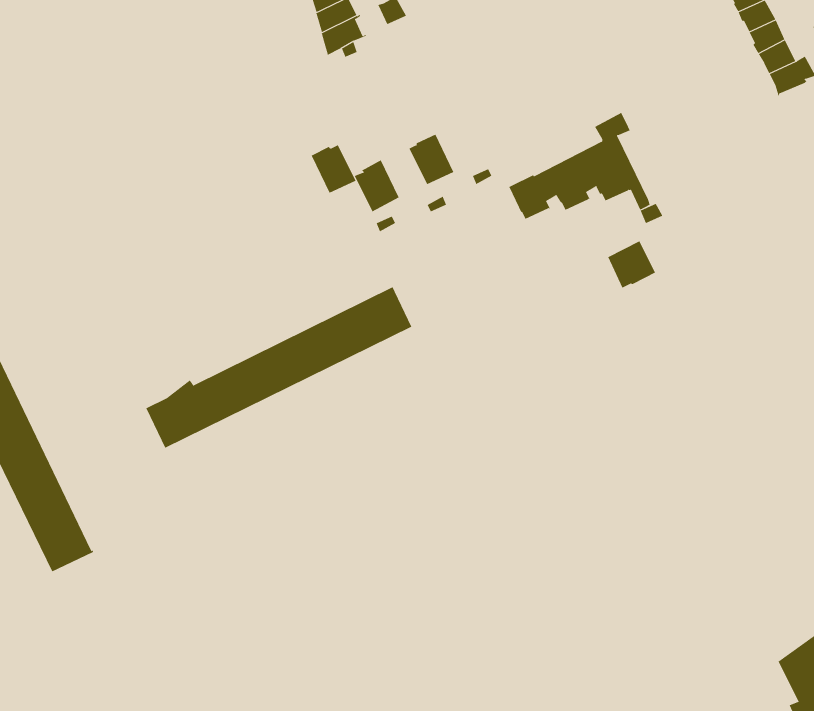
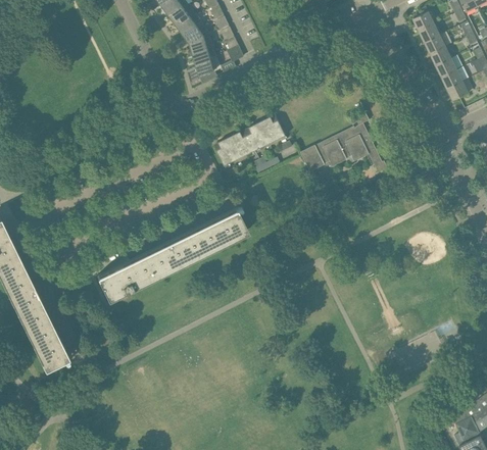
building: none -> [260,115,286,144]
building: [311,144,356,194] -> [230,131,255,158]
building: [607,241,656,288] -> none

